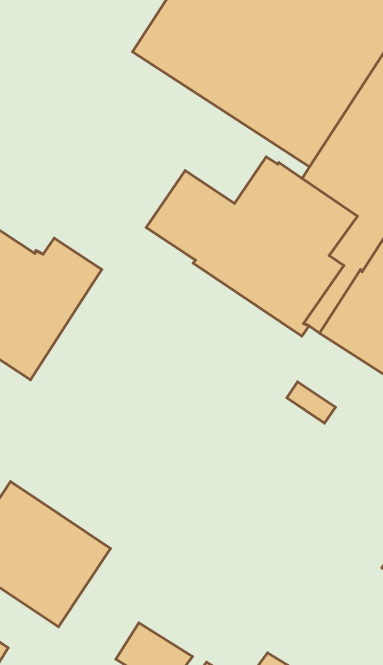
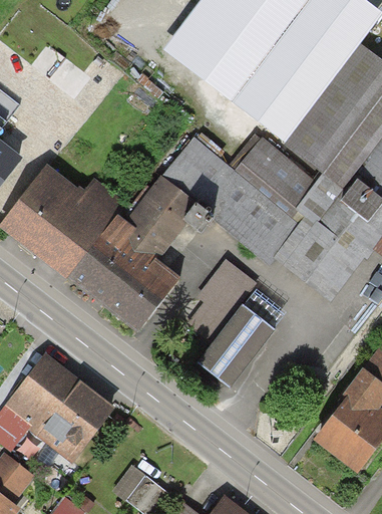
building: none -> [67,175,196,333]
building: none -> [185,258,274,389]

